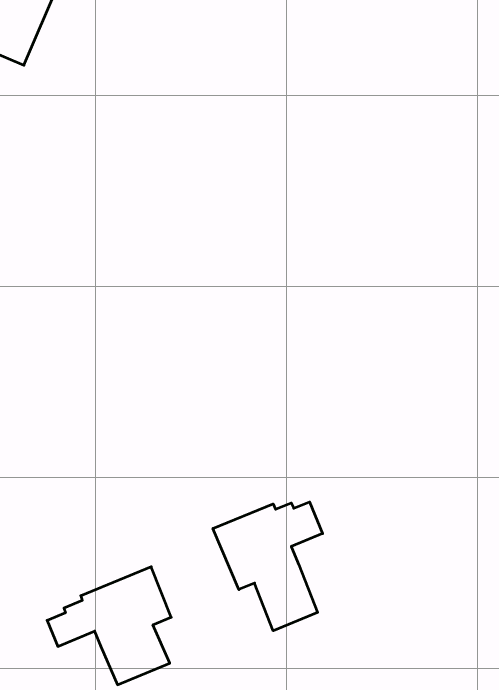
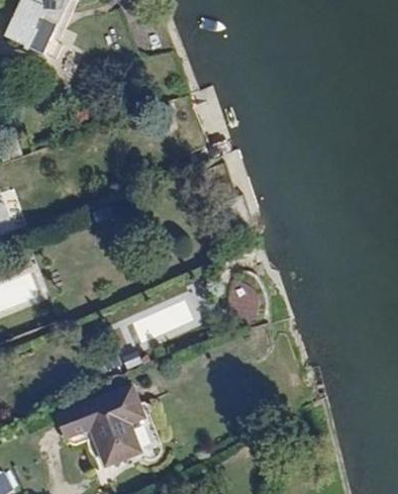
building: [213,502,323,631] -> none

